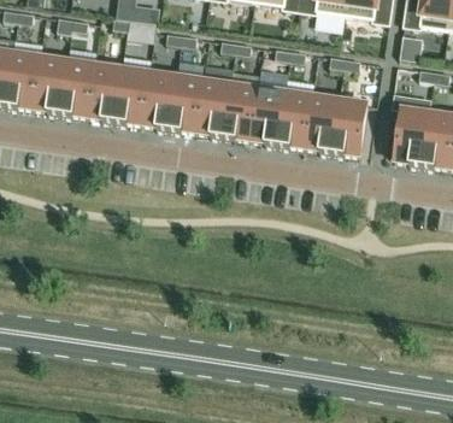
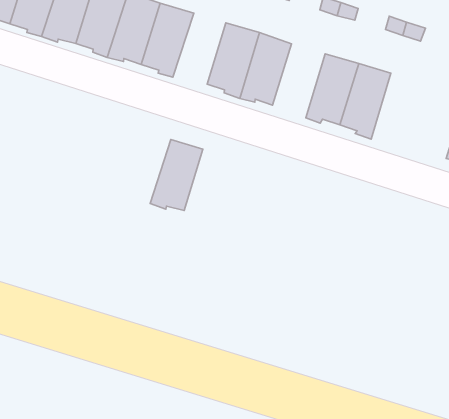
building: [167,74,202,129] -> [150,139,203,210]
building: [249,86,284,142] -> none
building: [331,96,367,152] -> none

